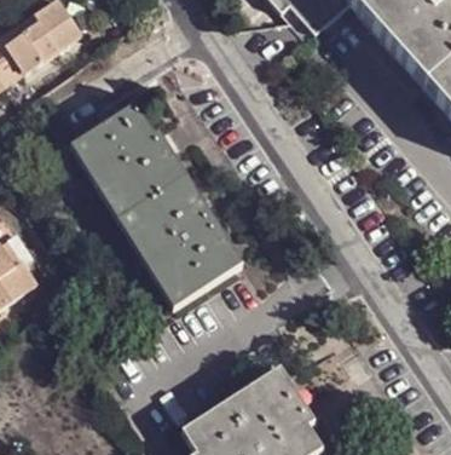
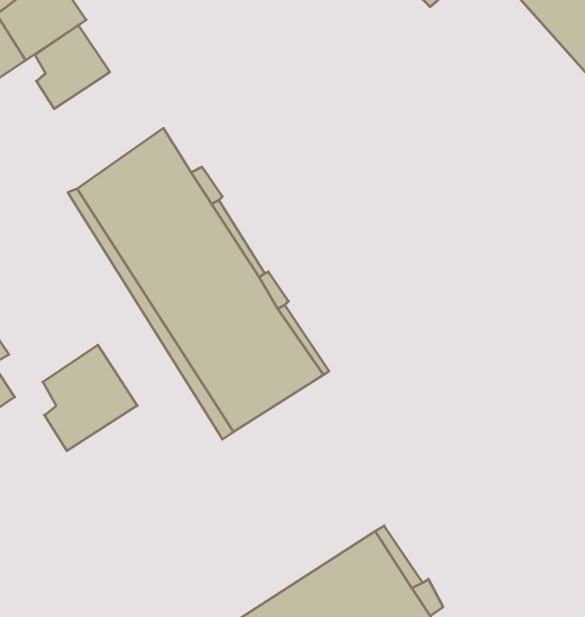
building: none -> [35,25,110,109]
building: none -> [43,345,137,451]

